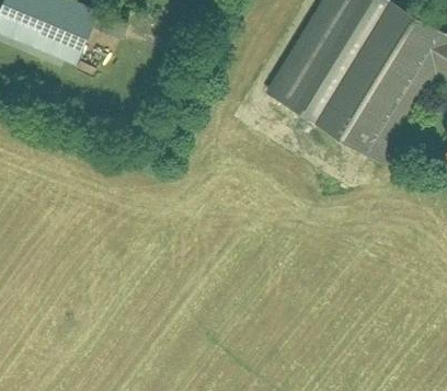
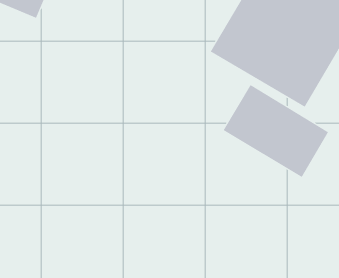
building: none -> [223,84,329,178]

